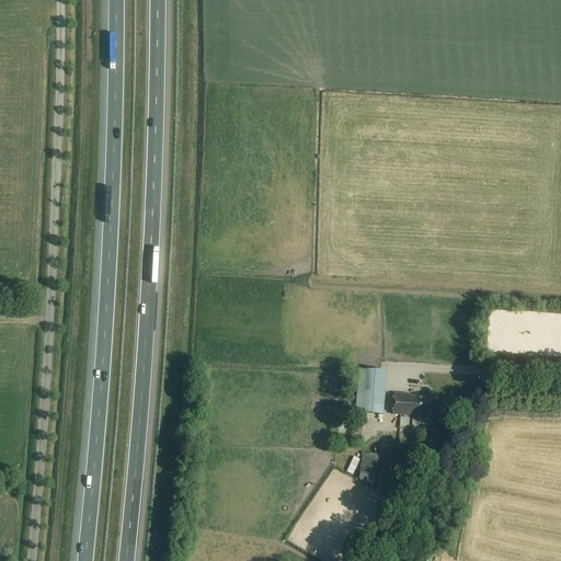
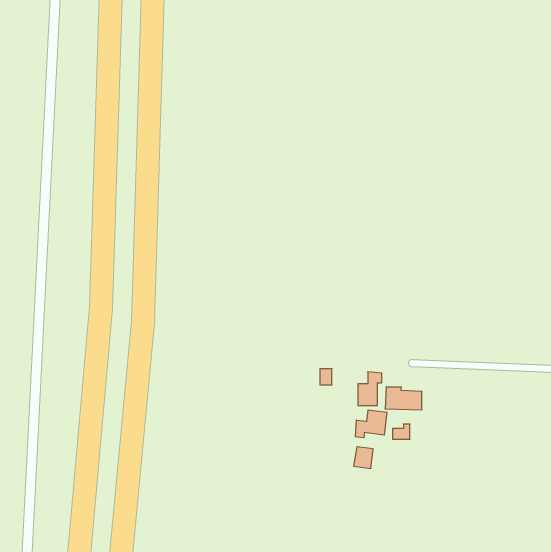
building: none -> [355,410,387,438]

